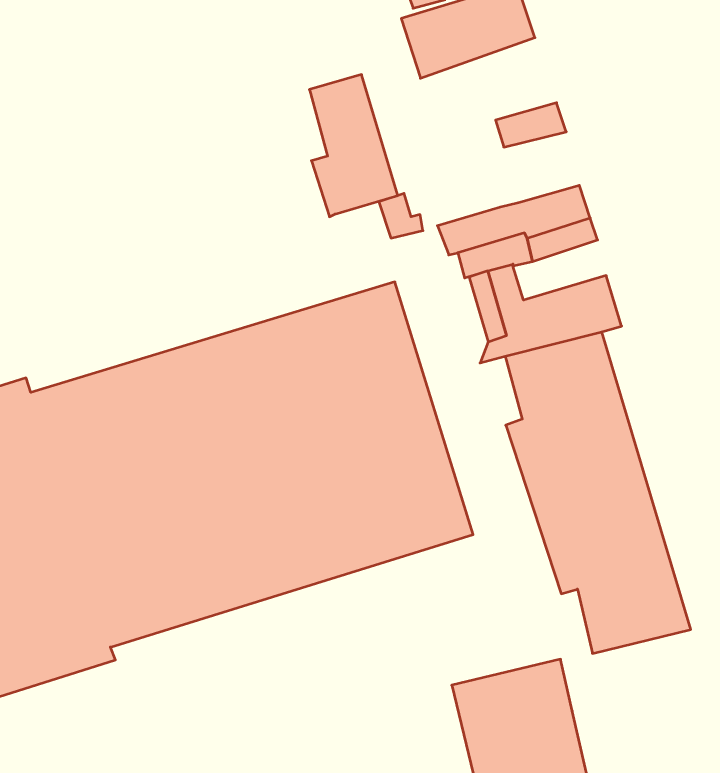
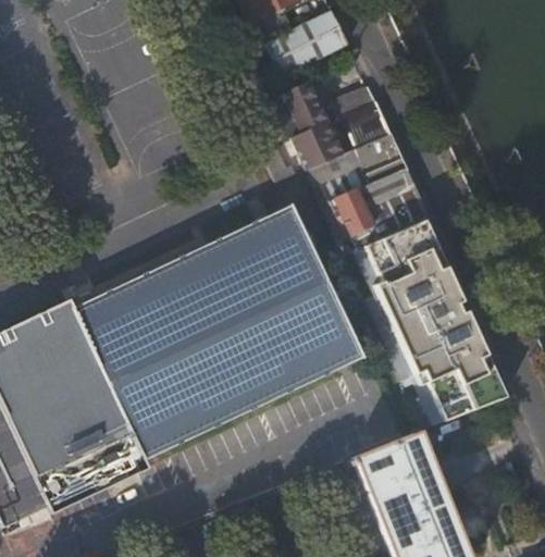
building: [309,75,398,217] -> [281,77,346,170]
building: none -> [343,97,394,146]
building: none -> [359,162,419,207]

